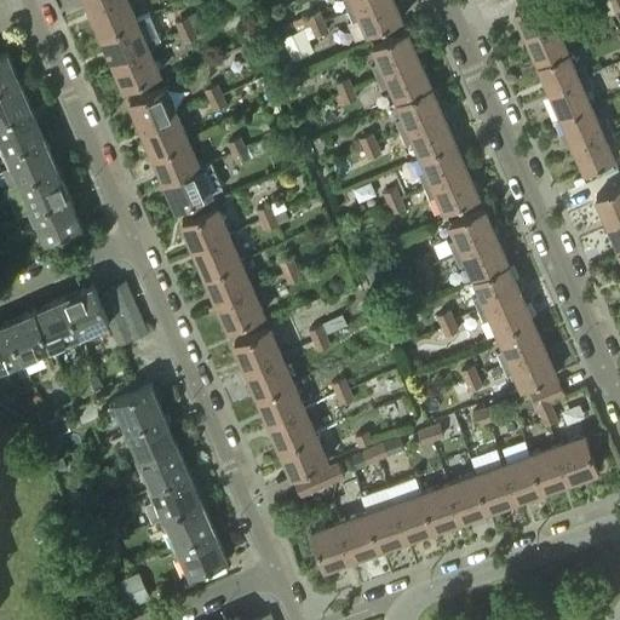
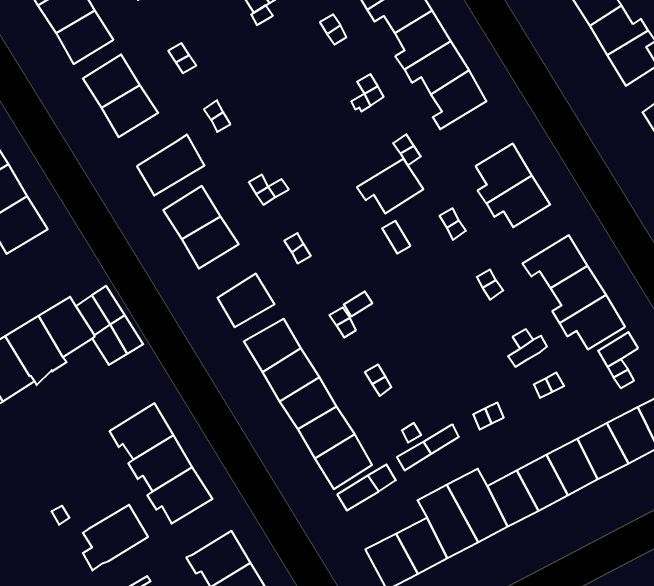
building: [153,143,200,185] -> none
building: [424,172,480,216] -> [357,159,423,213]
building: [205,263,252,305] -> none
building: [472,266,519,312] -> none
building: [144,473,201,524] -> [83,505,148,571]

